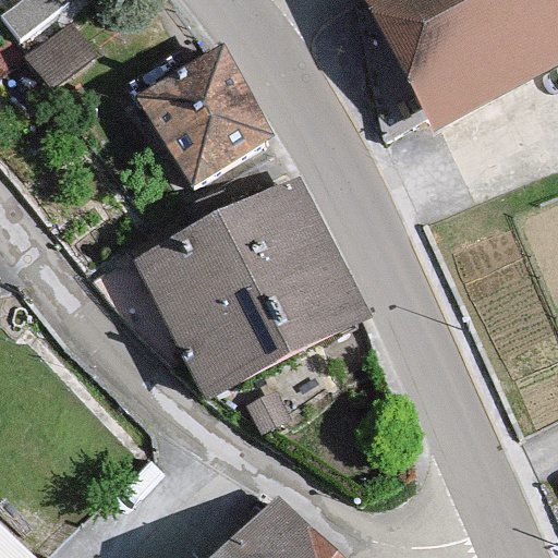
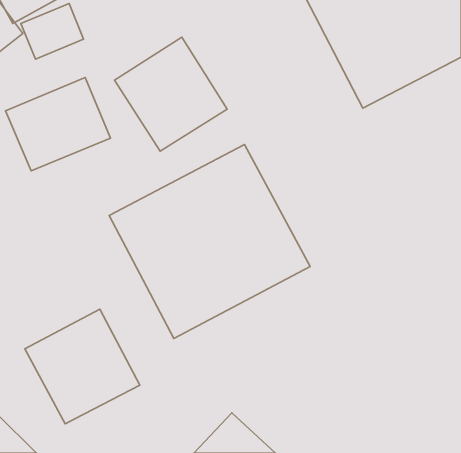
building: none -> [6,78,110,171]
building: none -> [25,309,140,424]

